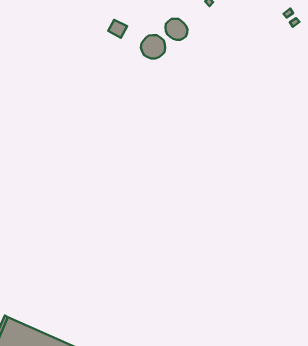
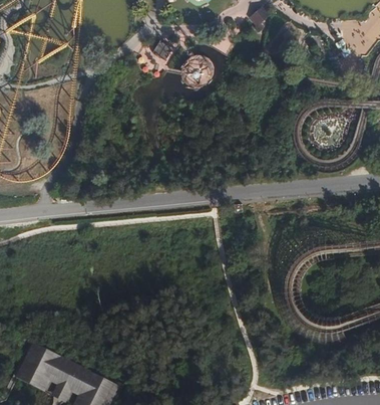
building: [166,19,188,40] -> none

